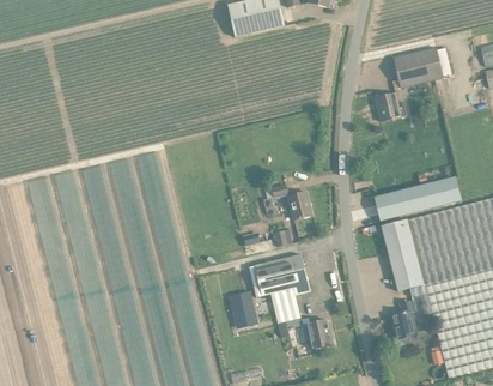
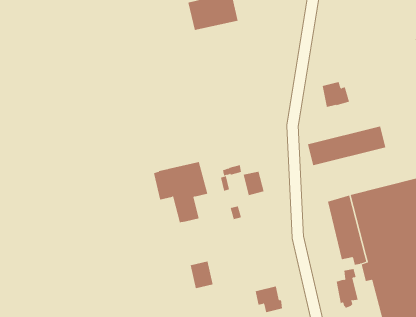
building: [394,47,443,88] -> none
building: [373,176,461,221] -> [307,126,386,166]
building: [249,254,310,322] -> [153,161,208,223]

